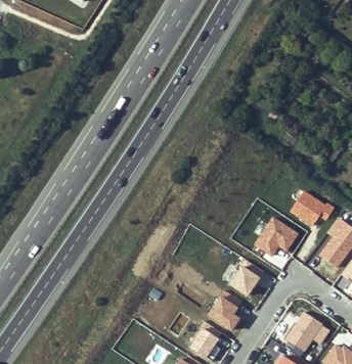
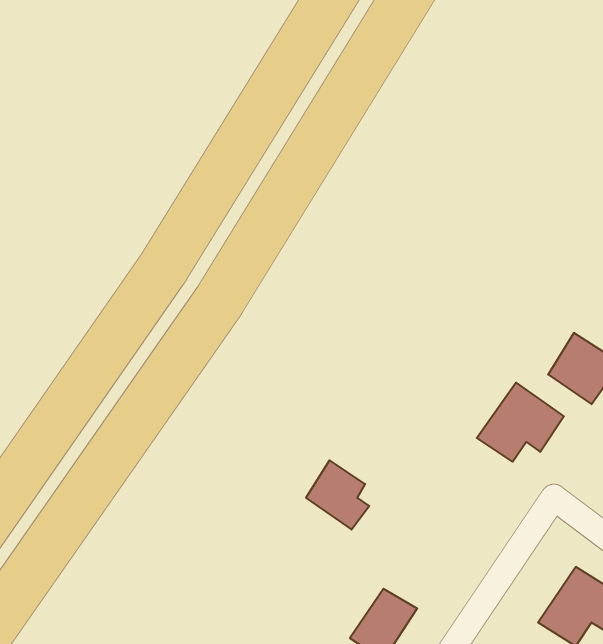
building: [228,258,265,297] -> none
building: [208,295,240,331] -> [306,460,369,530]

